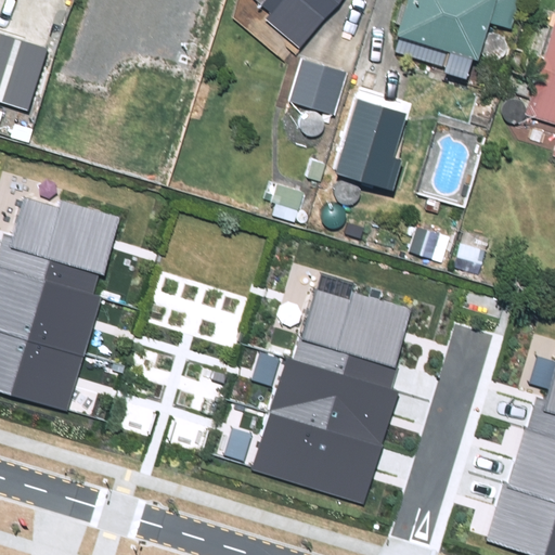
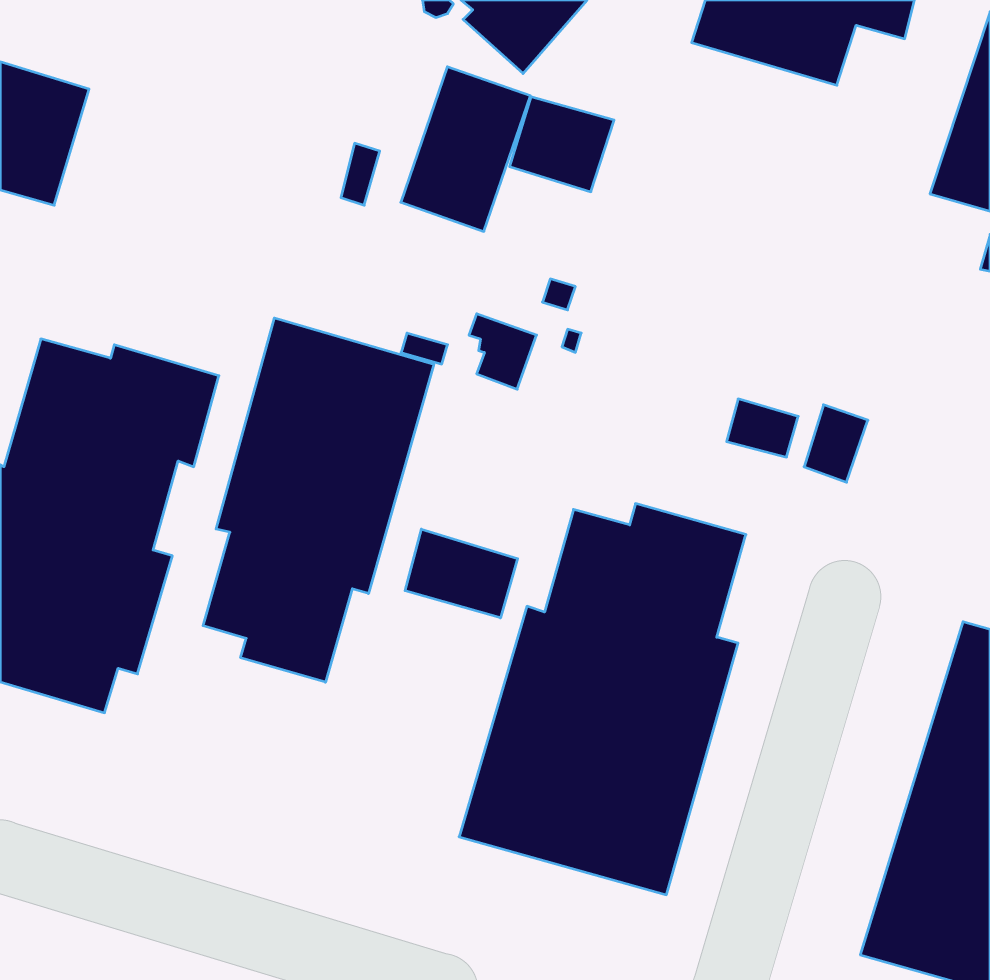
building: [326,90,399,182] -> [401,67,530,231]
building: none -> [203,318,434,682]
building: none -> [405,529,518,618]

